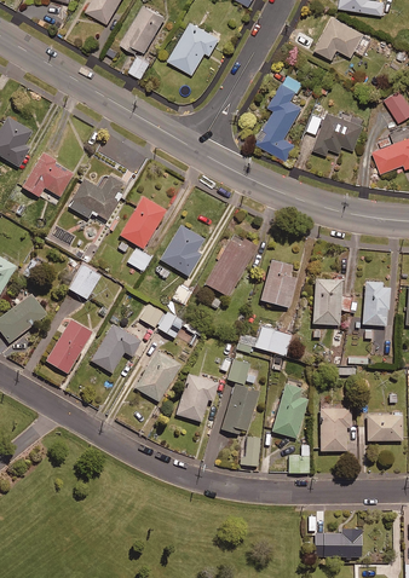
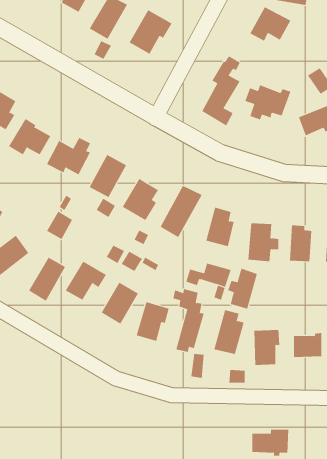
building: none -> [227,268,258,309]

